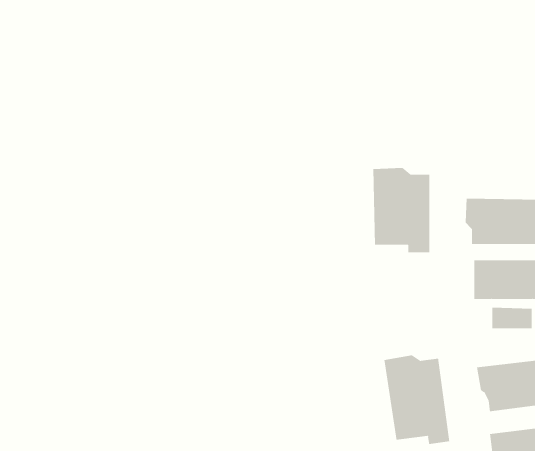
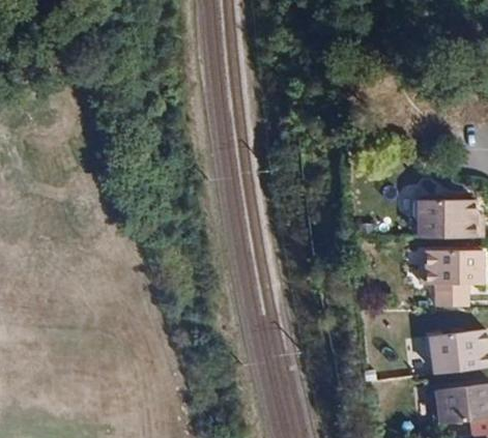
building: [373,167,430,253] -> none
building: [384,354,450,445] -> none

